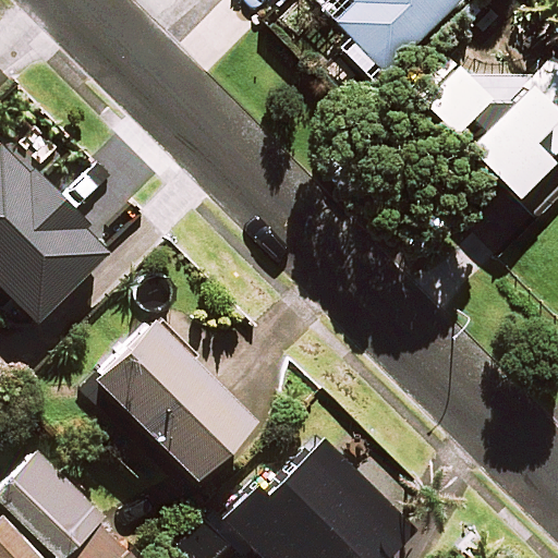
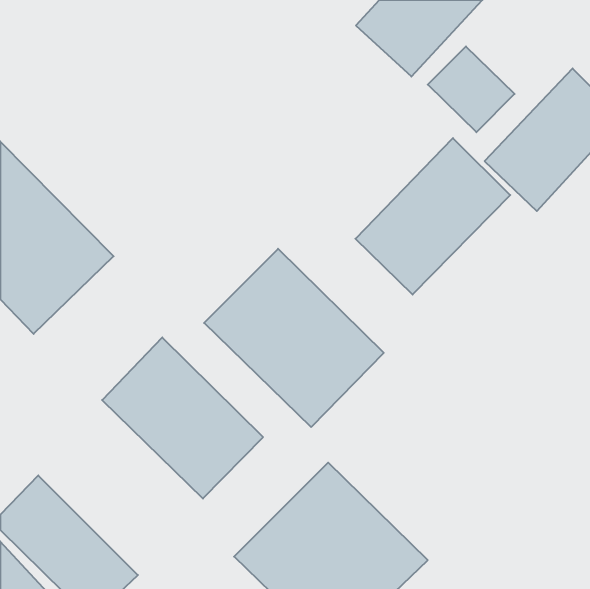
building: none -> [355,138,510,295]
building: none -> [204,249,384,427]

